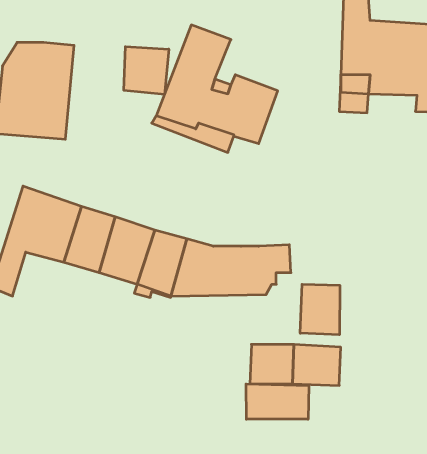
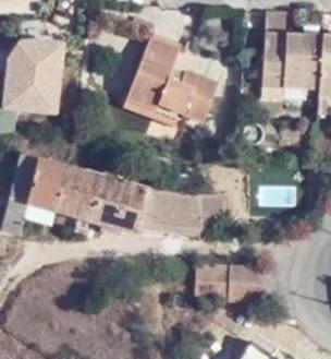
building: [124,47,169,94] -> none
building: [300,284,340,335] -> none
building: [246,384,309,419] -> none

